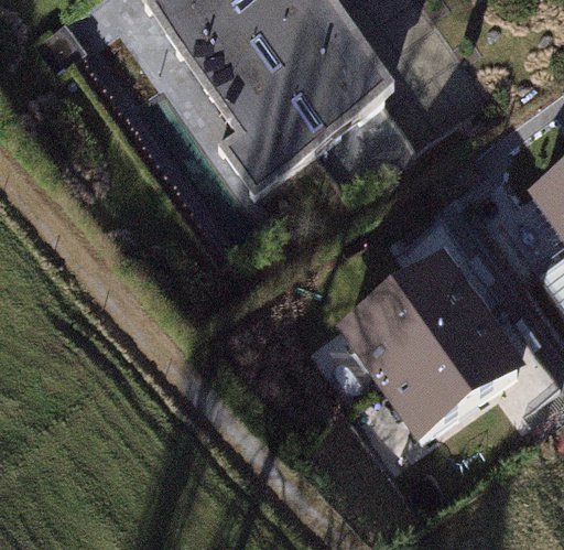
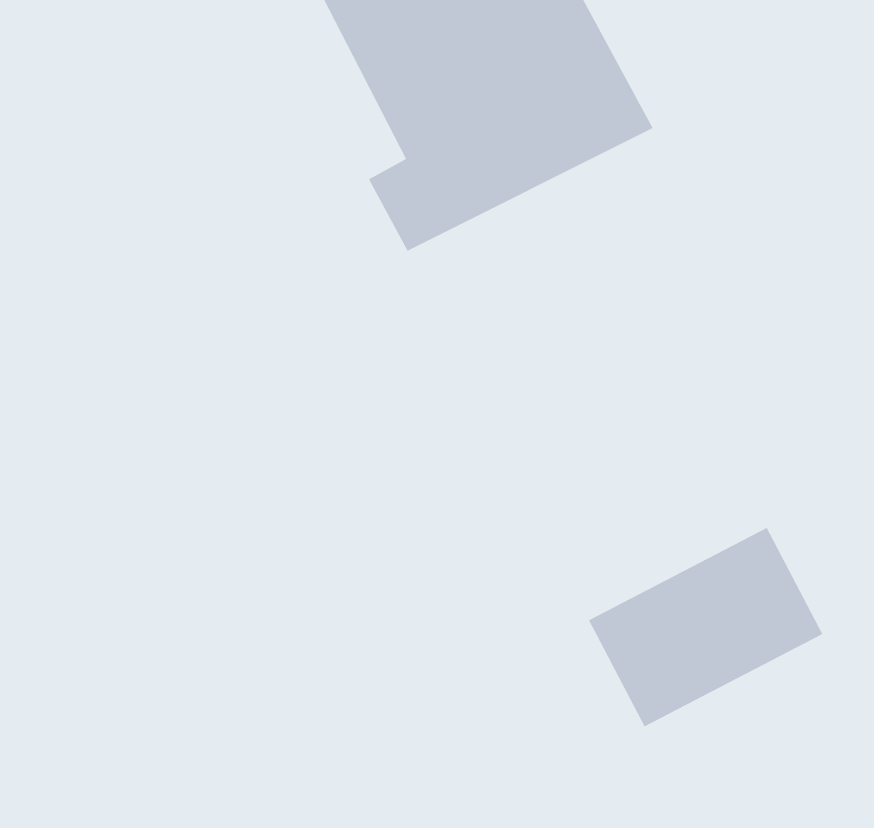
building: [341,257,477,380] -> none

